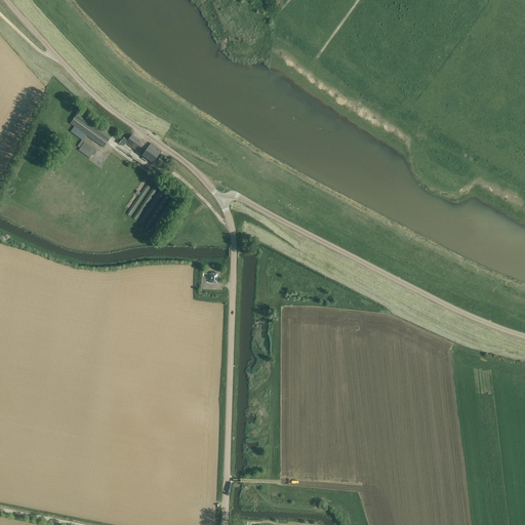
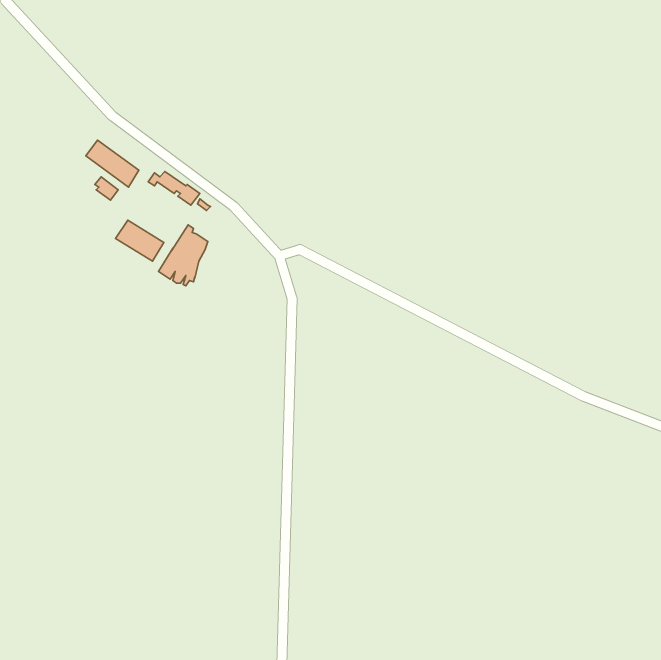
building: none -> [115,220,164,261]

